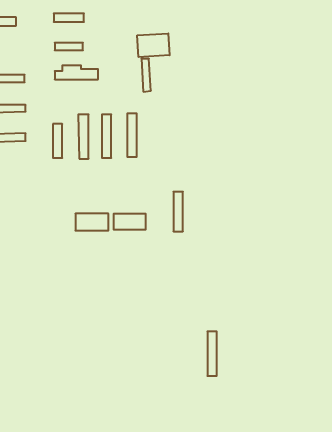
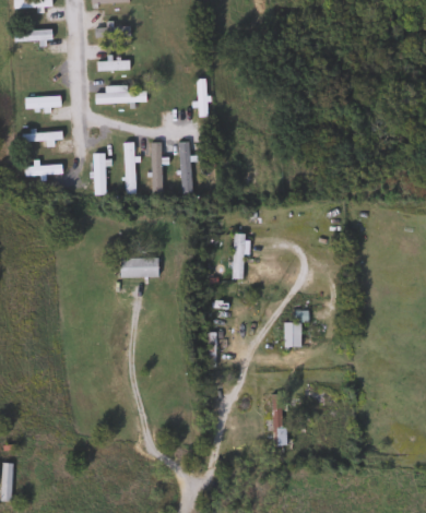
building: [137,33,170,57] -> none
building: [114,214,146,230] -> none
building: none -> [284,321,300,347]

